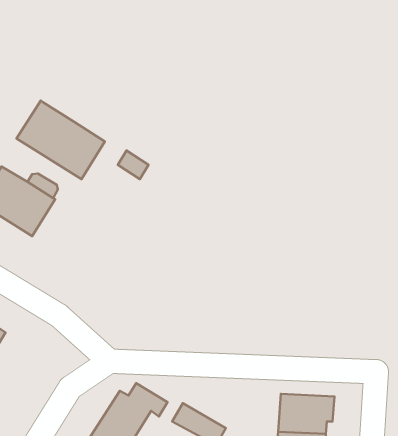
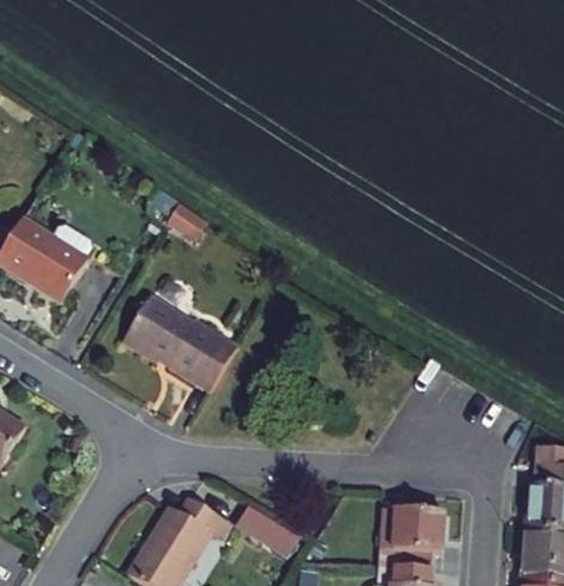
building: [17,101,105,179] -> none
building: none -> [121,296,238,387]

